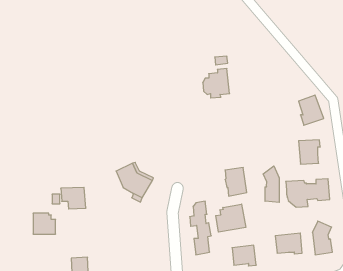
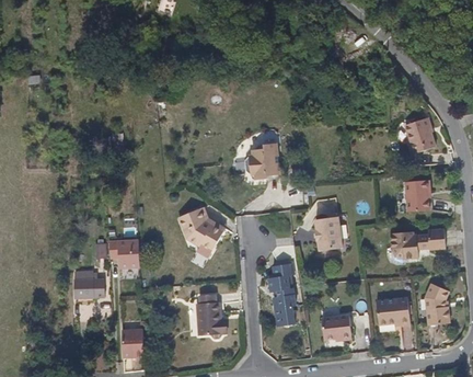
building: [203,69,230,98] -> [244,142,278,180]
building: [263,166,279,202] -> none
building: [216,204,246,232] -> none
building: none -> [197,294,224,339]

